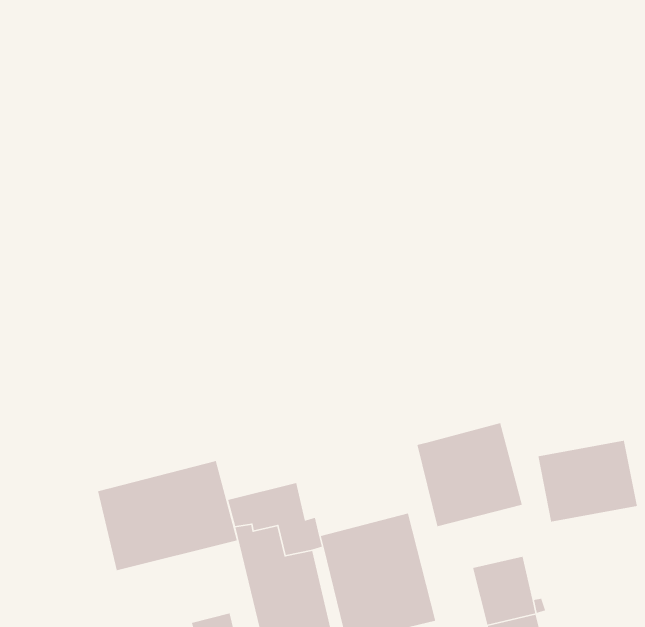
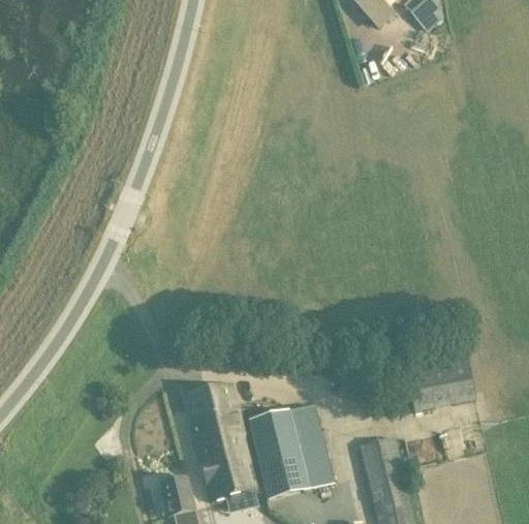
building: [417,422,523,527] -> none
building: [97,460,238,571] -> none

